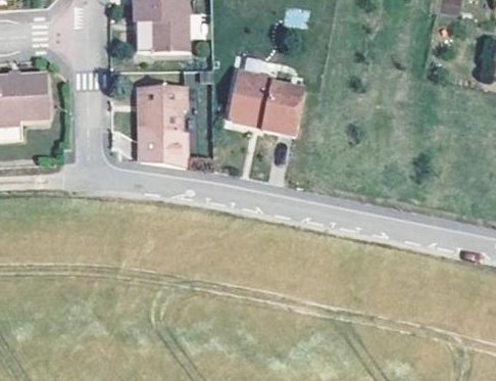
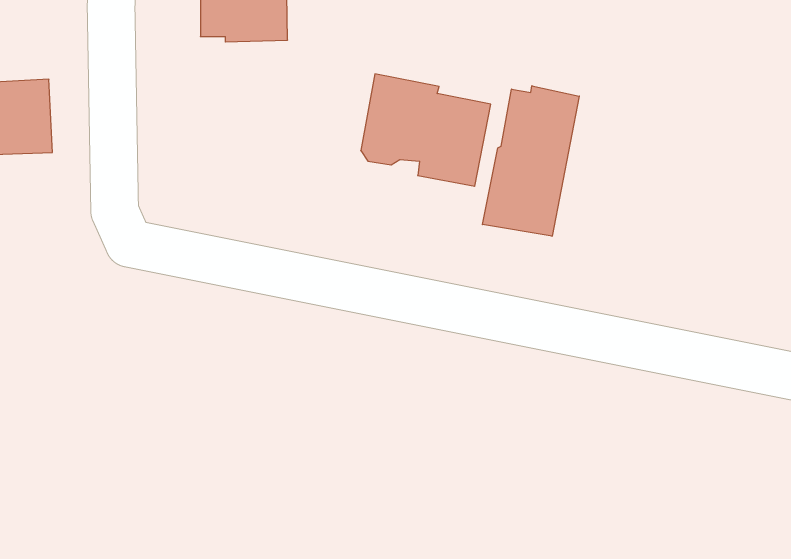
building: none -> [482,86,579,236]
building: [138,84,185,164] -> none

